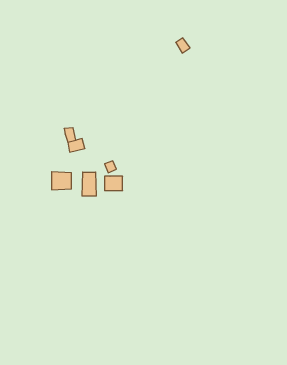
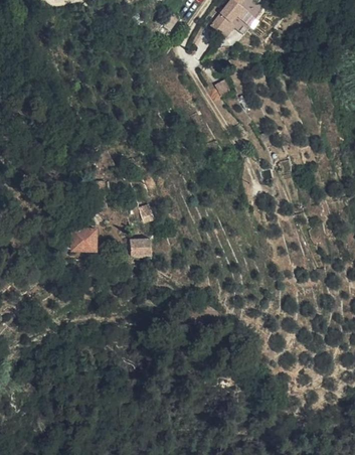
building: [82,172,96,196] -> none

